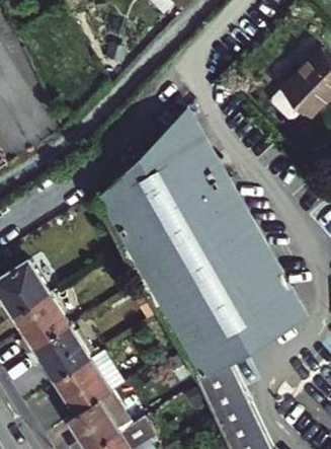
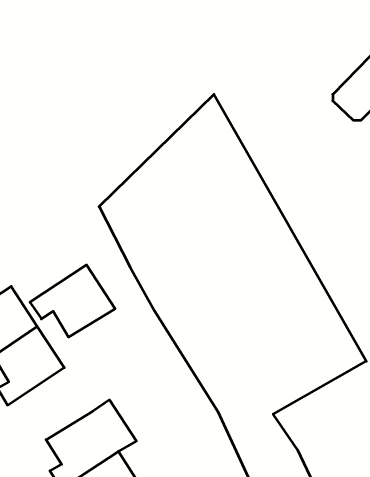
building: [24,321,91,378] -> [30,265,115,337]

